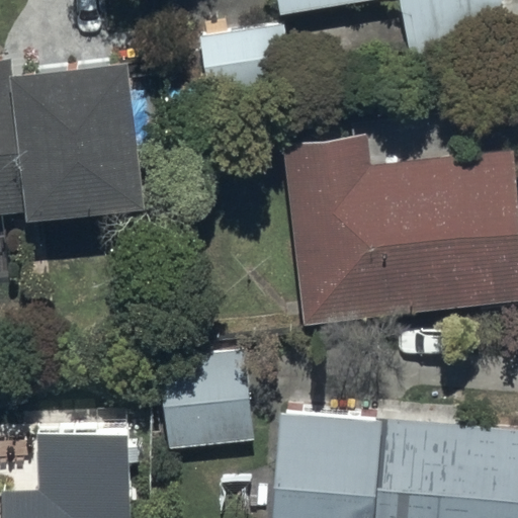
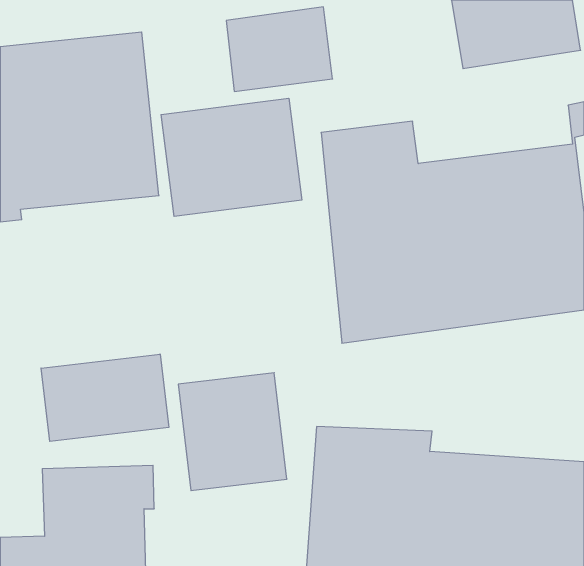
building: none -> [161,98,302,216]
building: none -> [41,354,169,441]

